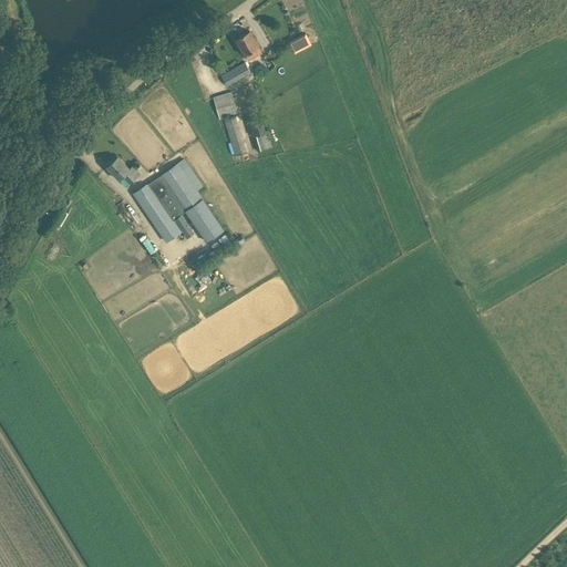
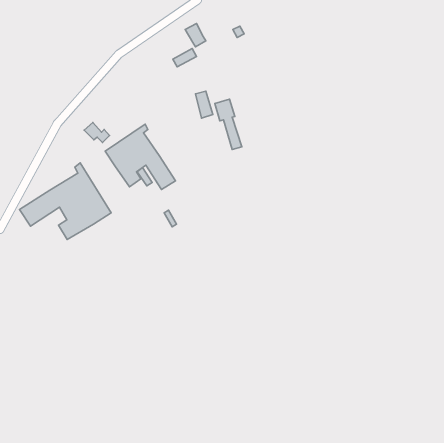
building: [213,93,247,157] -> [215,99,242,149]
building: none -> [19,163,111,240]

